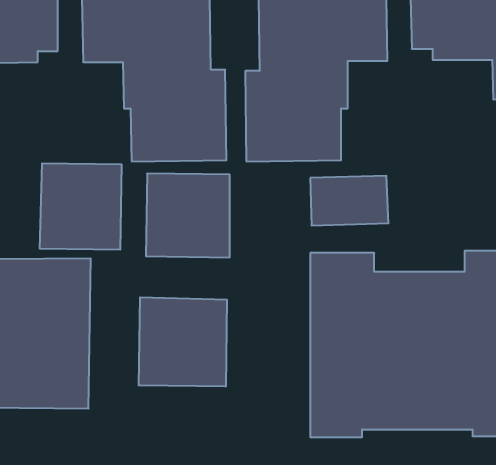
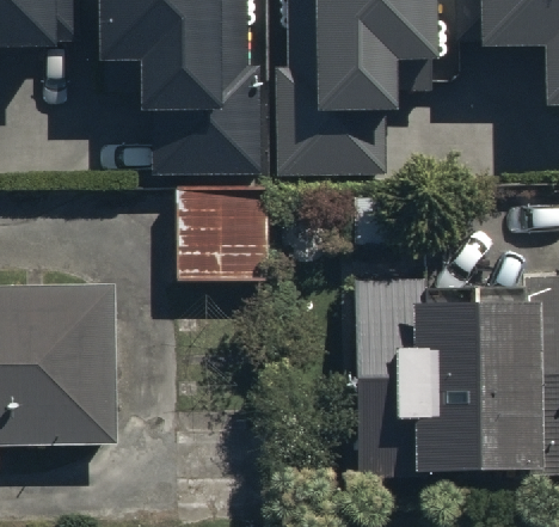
building: [40,163,121,250] -> none
building: [139,297,227,387] -> none

